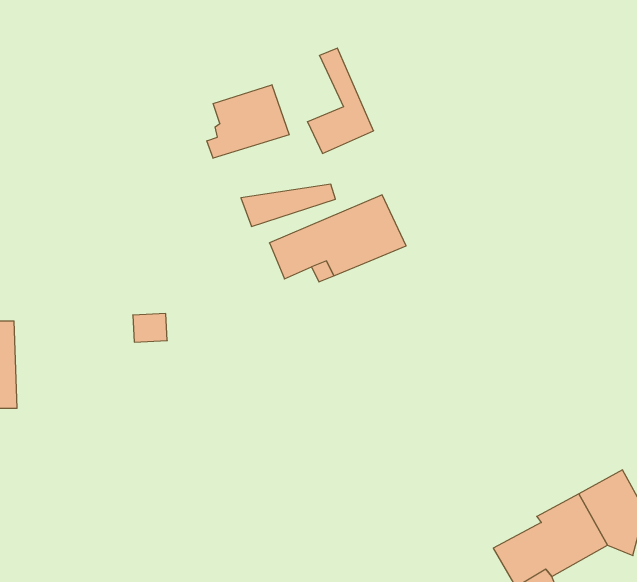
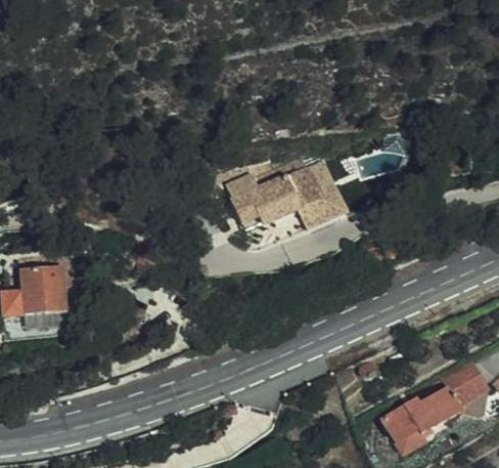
building: [307,48,374,153] -> [302,165,347,237]
building: [207,85,289,158] -> none

